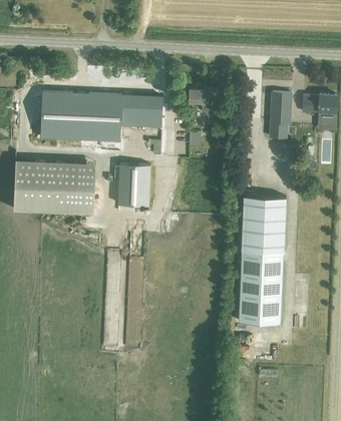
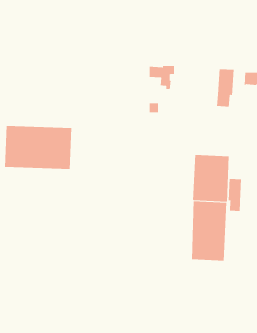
building: [40,92,162,140] -> none
building: [113,164,150,213] -> none
building: none -> [228,178,242,212]

